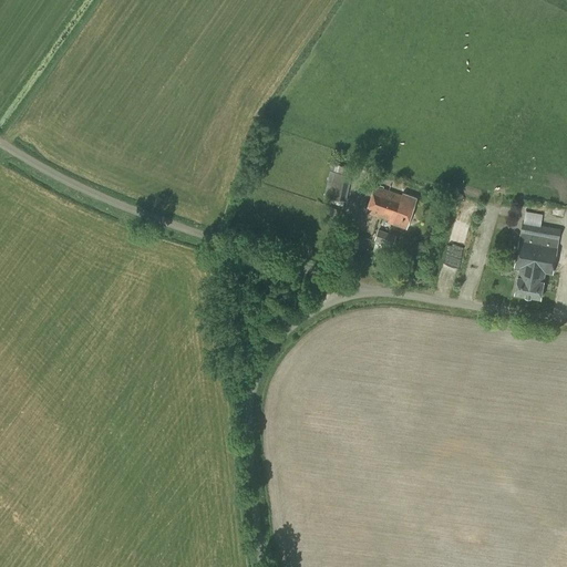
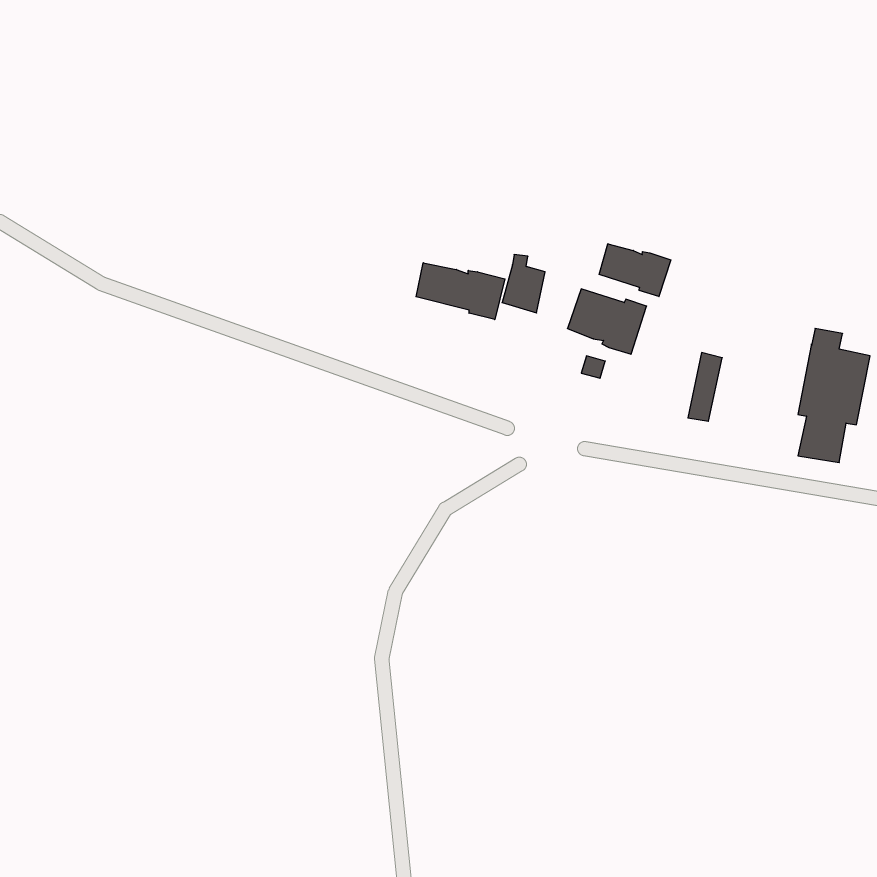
building: none -> [599,244,671,297]
building: none -> [416,263,505,320]

